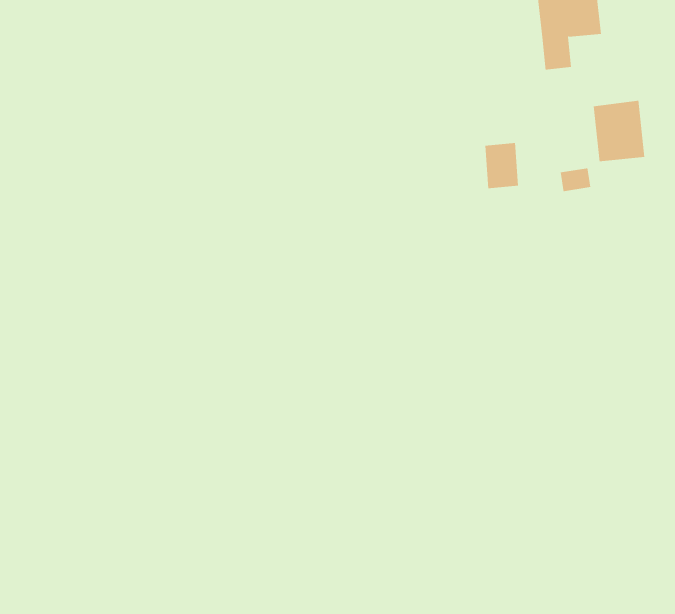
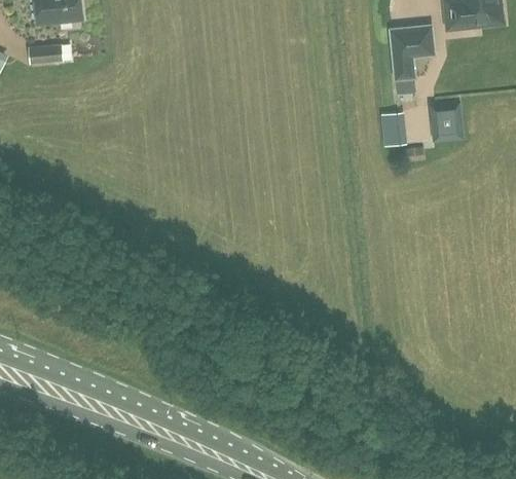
building: none -> [28,44,70,65]
building: [484,142,519,189] -> [391,111,414,143]

